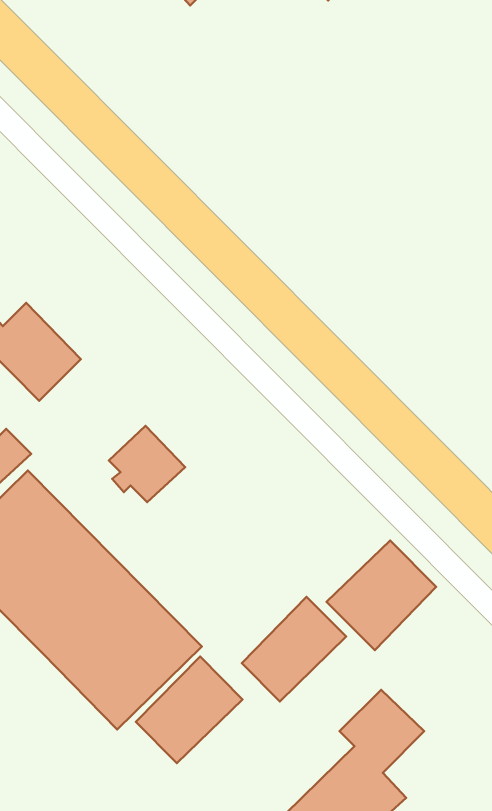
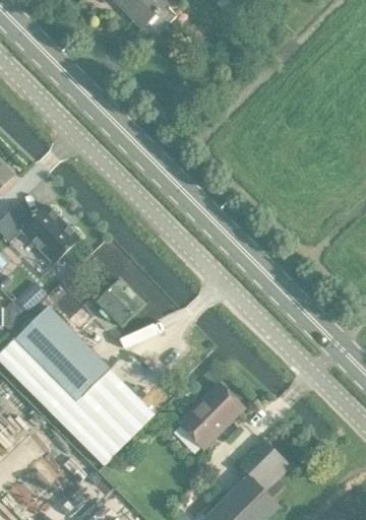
building: [327,541,436,650] -> none
building: [136,657,243,763] -> none

